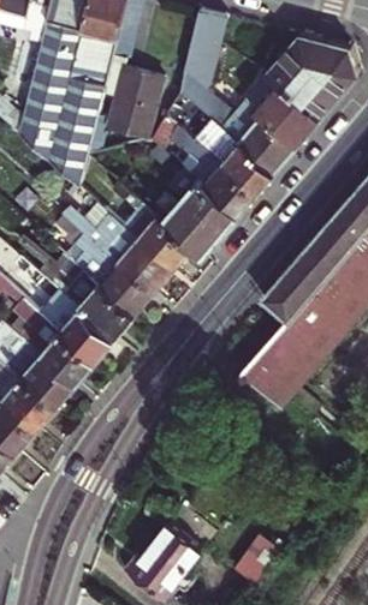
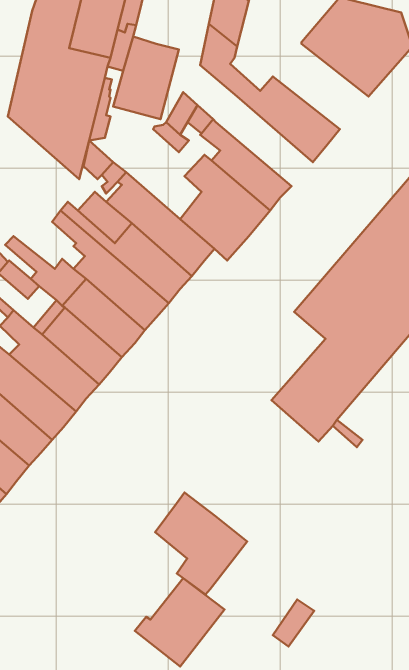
building: [242,73,322,145] -> none
building: [194,118,275,193] -> none
building: none -> [155,493,247,595]

